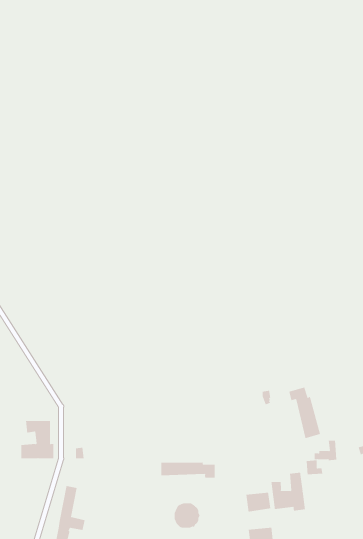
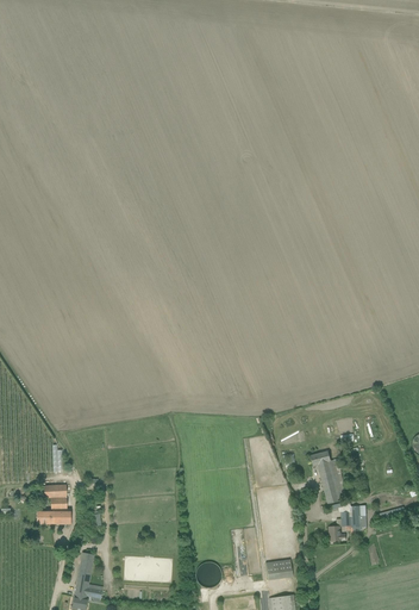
building: [161,462,215,479] -> none
building: [271,472,306,511] -> none

